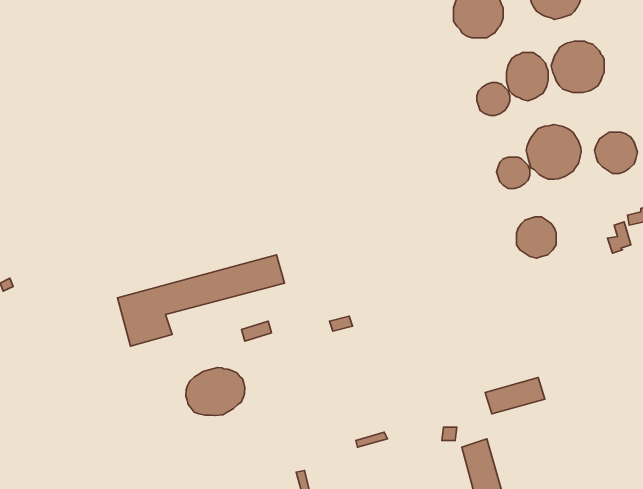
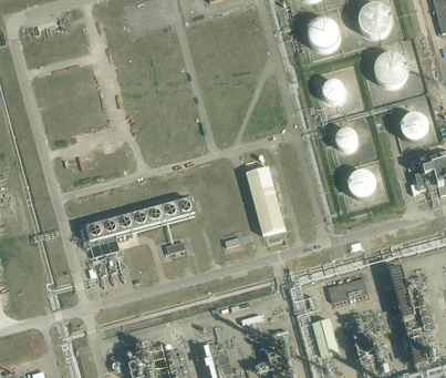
building: [506,53,548,101] -> none
building: [526,125,581,179] -> none
building: none -> [246,166,284,234]
building: [186,367,245,415] -> none

